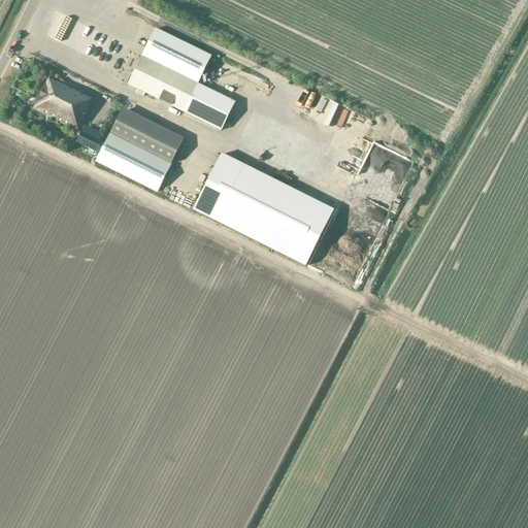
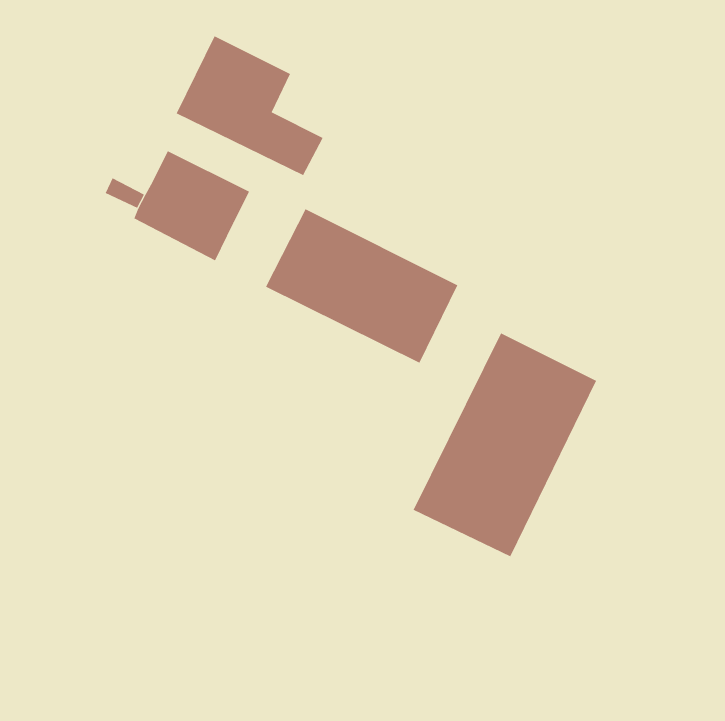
building: [32,74,92,130] -> none
building: none -> [413,333,597,557]

